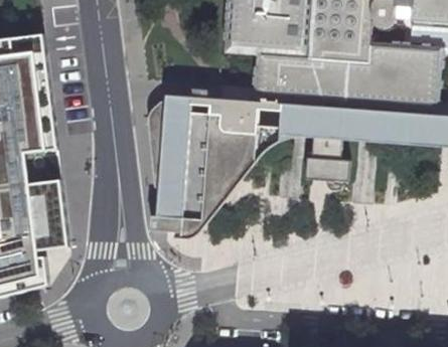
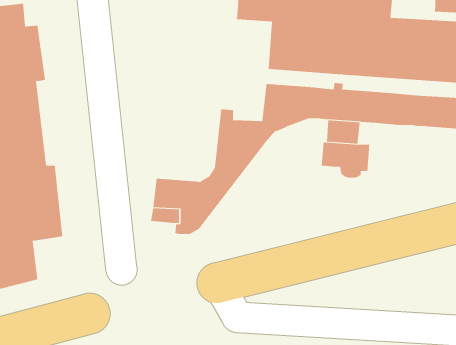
building: [144,99,253,194] -> none

